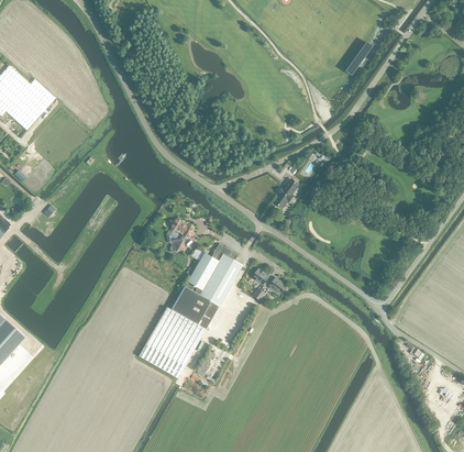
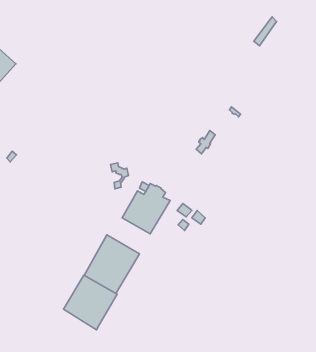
building: [170,286,218,330] -> none
building: none -> [63,275,117,330]

